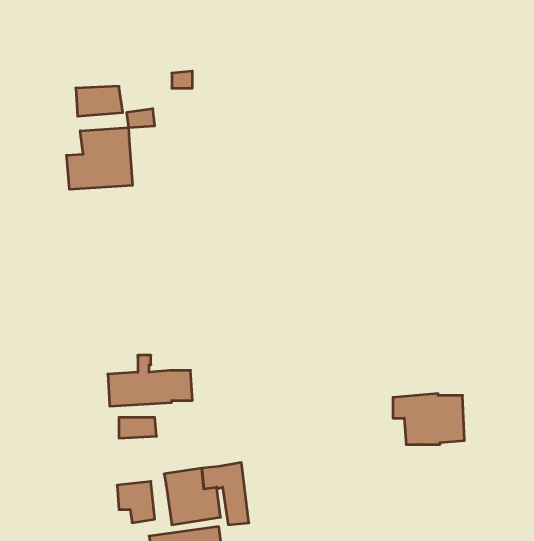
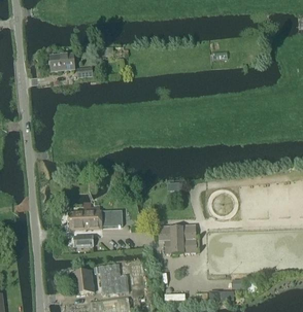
building: [66,128,132,189] -> none
building: [393,394,464,444] -> [158,224,197,252]

